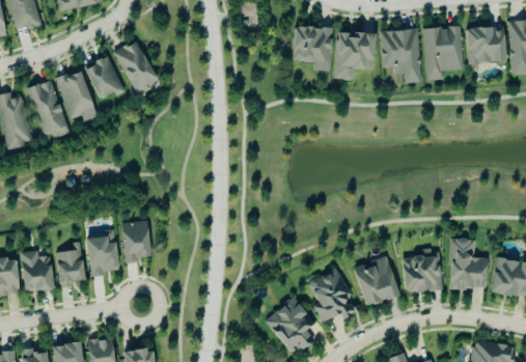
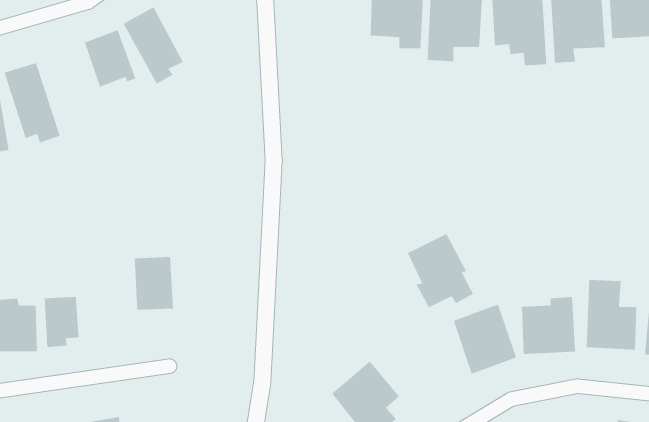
building: [55,69,96,121] -> none
building: [87,229,117,276] -> none
building: [307,268,356,323] -> [407,233,474,309]

